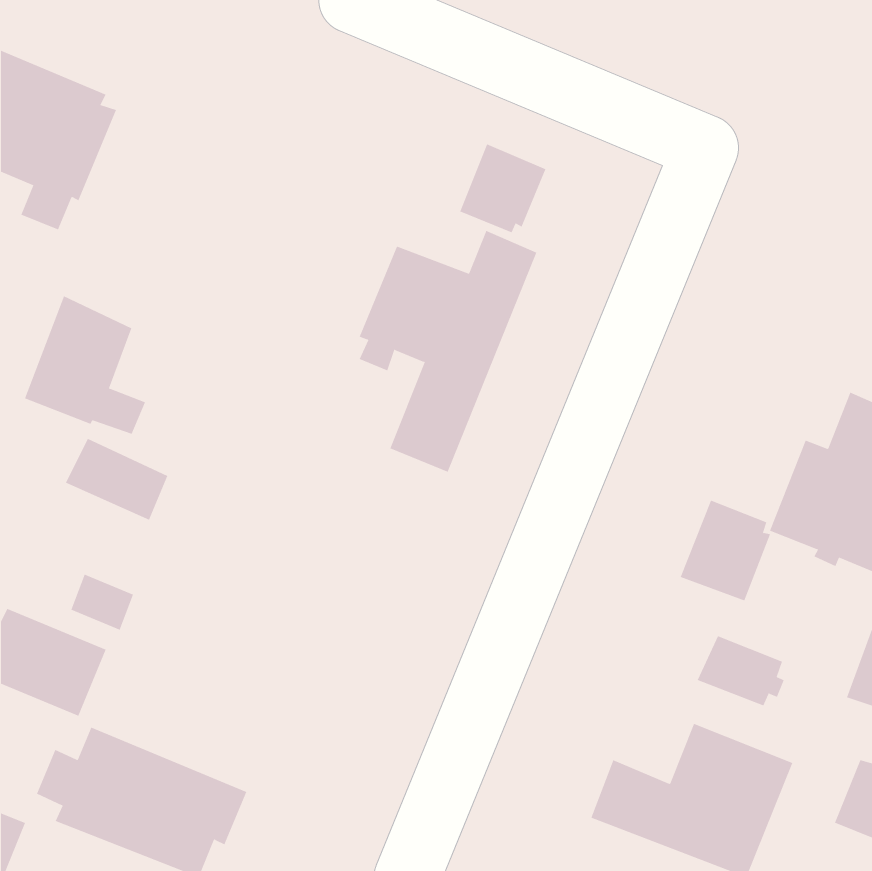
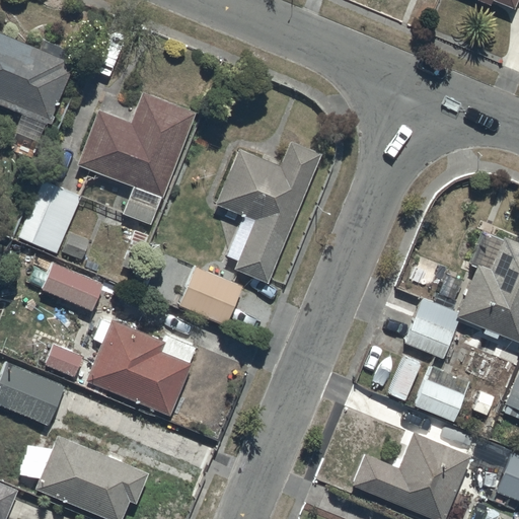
building: [460,143,546,233] -> none
building: none -> [79,92,195,225]
building: none -> [179,268,242,325]
building: none -> [87,318,196,416]

